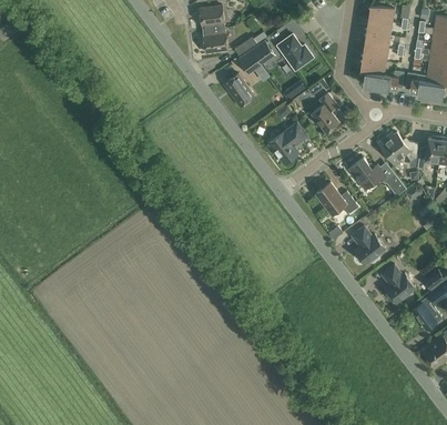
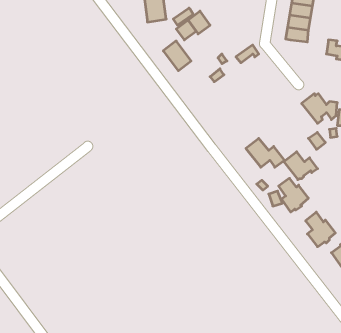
building: [278,33,314,70] -> none
building: [363,70,404,89] -> none
building: [311,93,338,132] -> none
building: [268,122,306,163] -> none
building: [348,158,386,189] -> [284,152,318,180]

